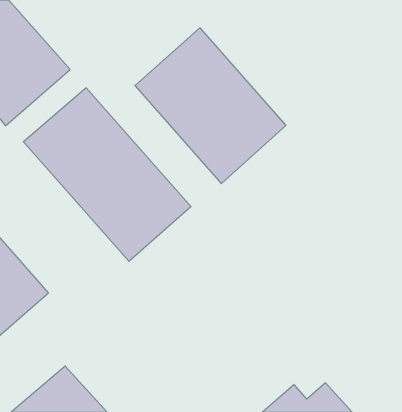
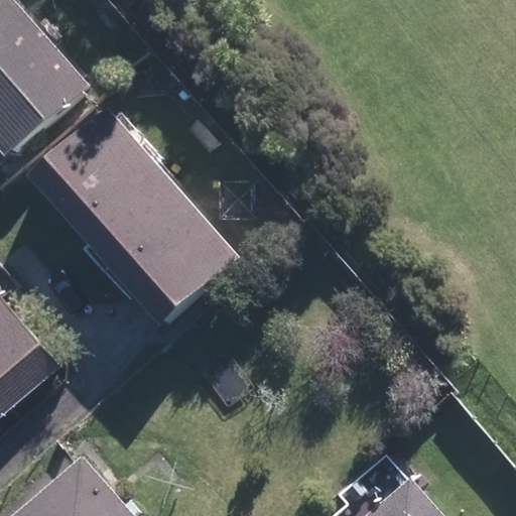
building: [135,28,286,184] -> none

